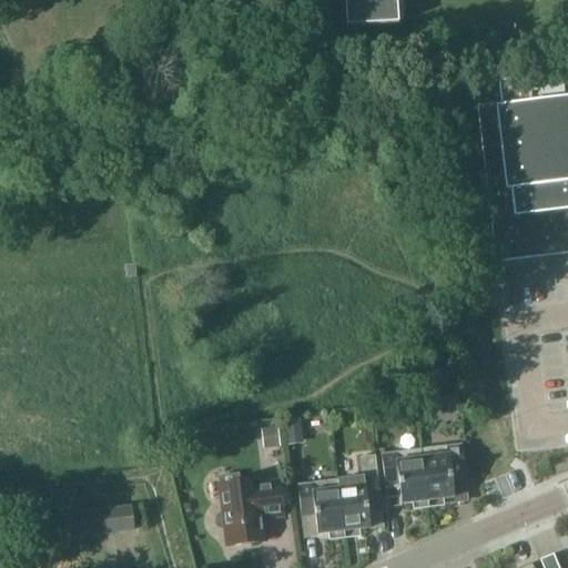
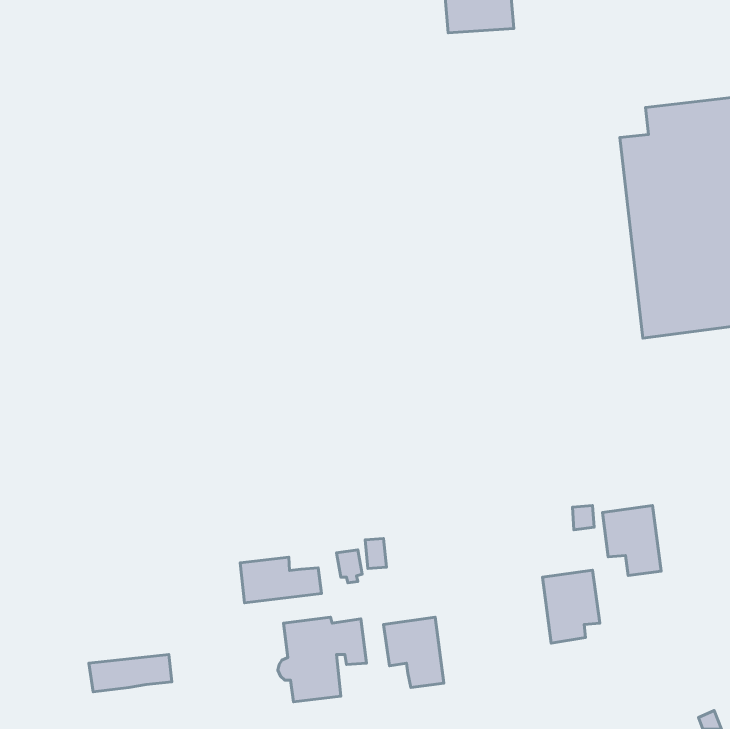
building: none -> [240,557,321,603]
building: [383,447,428,501] -> [603,505,661,576]
building: [338,454,382,529] -> none

